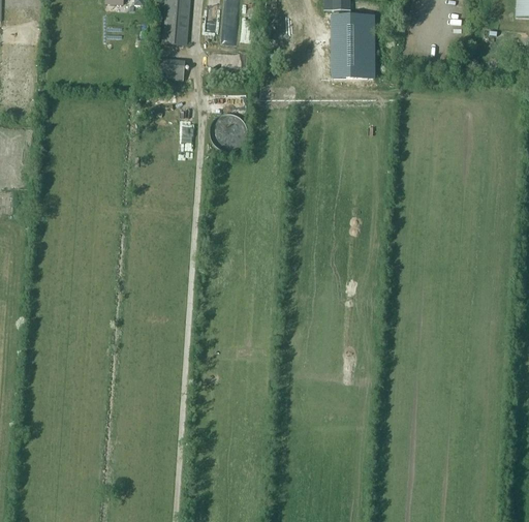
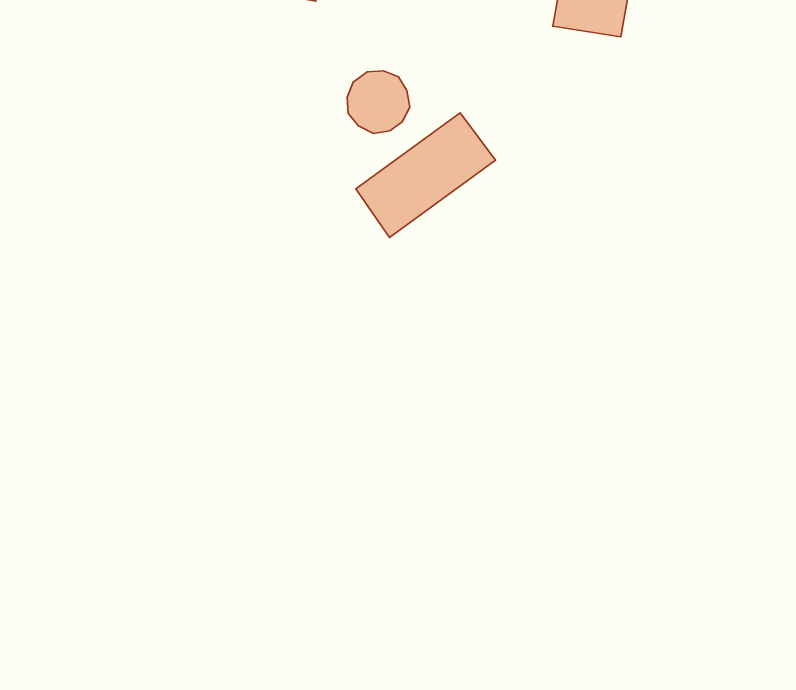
building: none -> [356,113,496,237]

